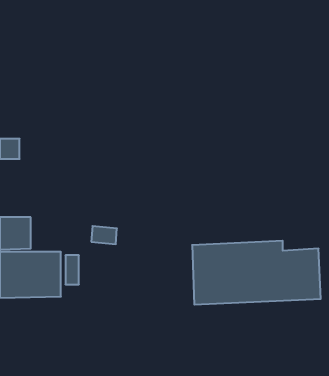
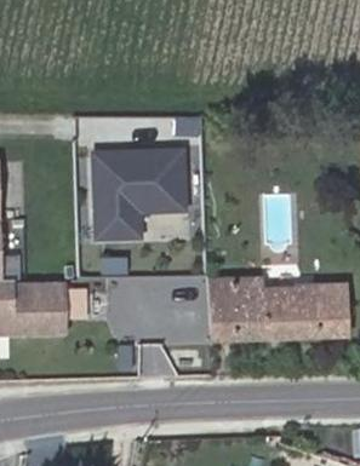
building: none -> [91,143,188,242]

